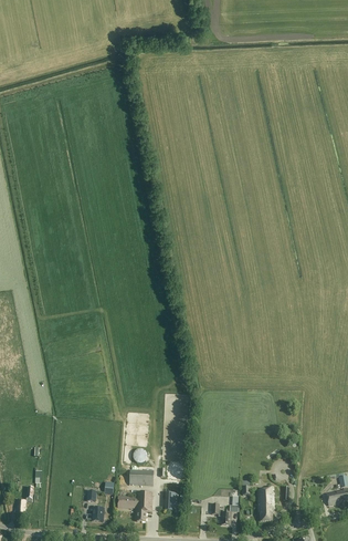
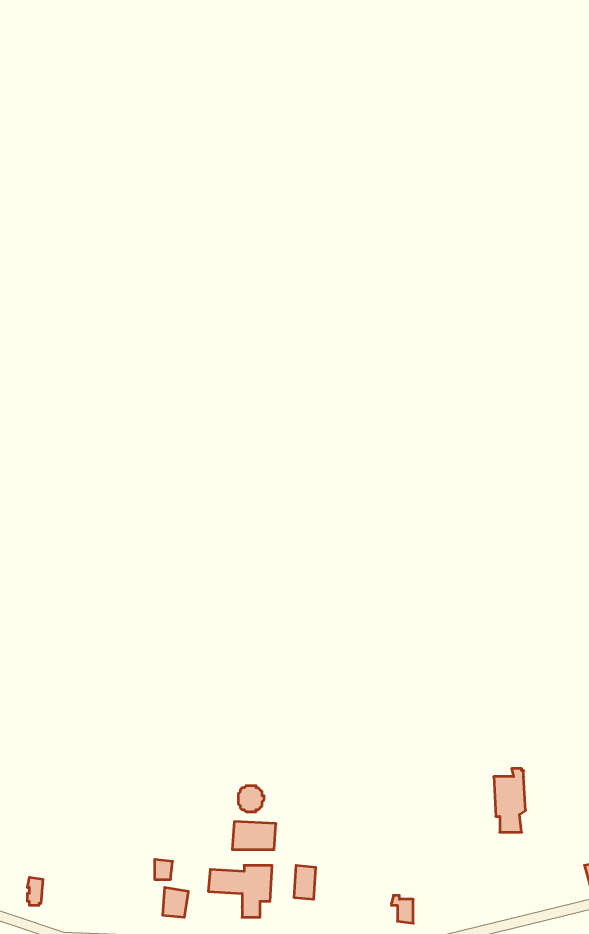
building: [257,485,275,520] -> [494,769,526,832]

